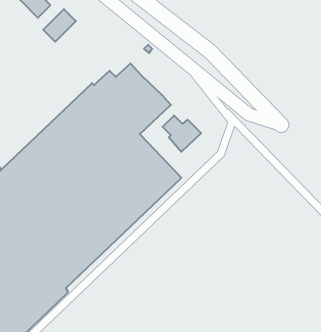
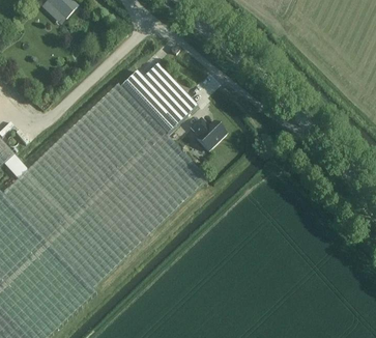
building: [43,9,76,42] -> none

